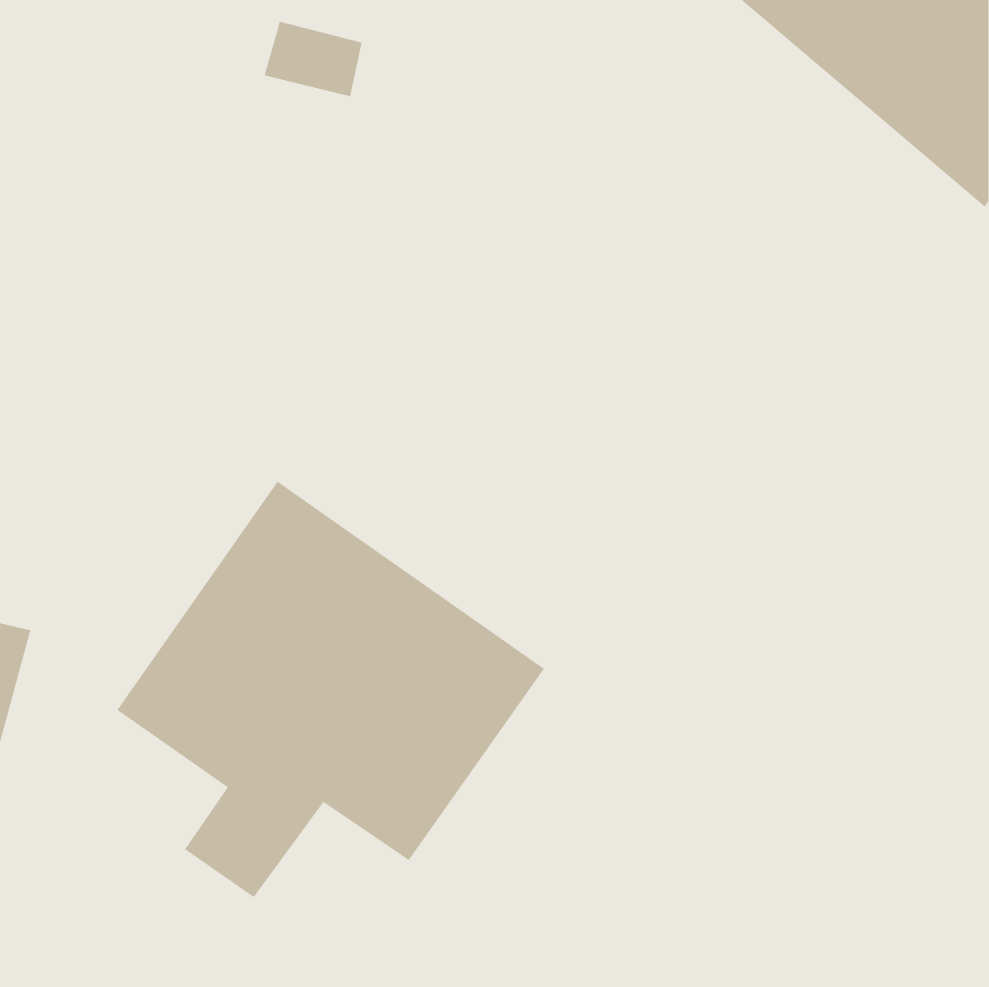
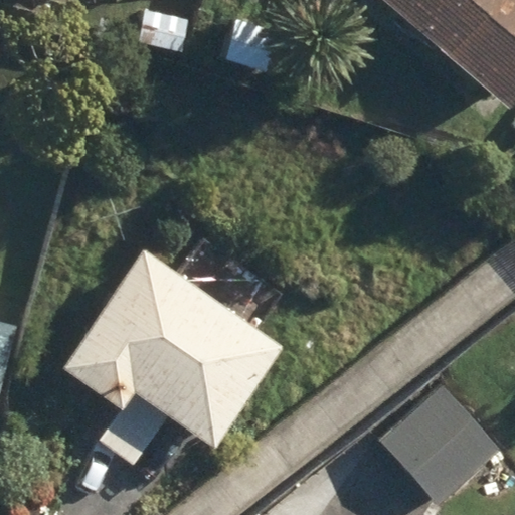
building: none -> [389,395,501,506]

